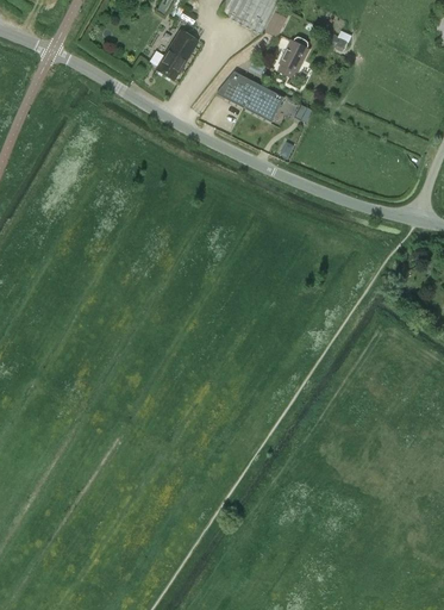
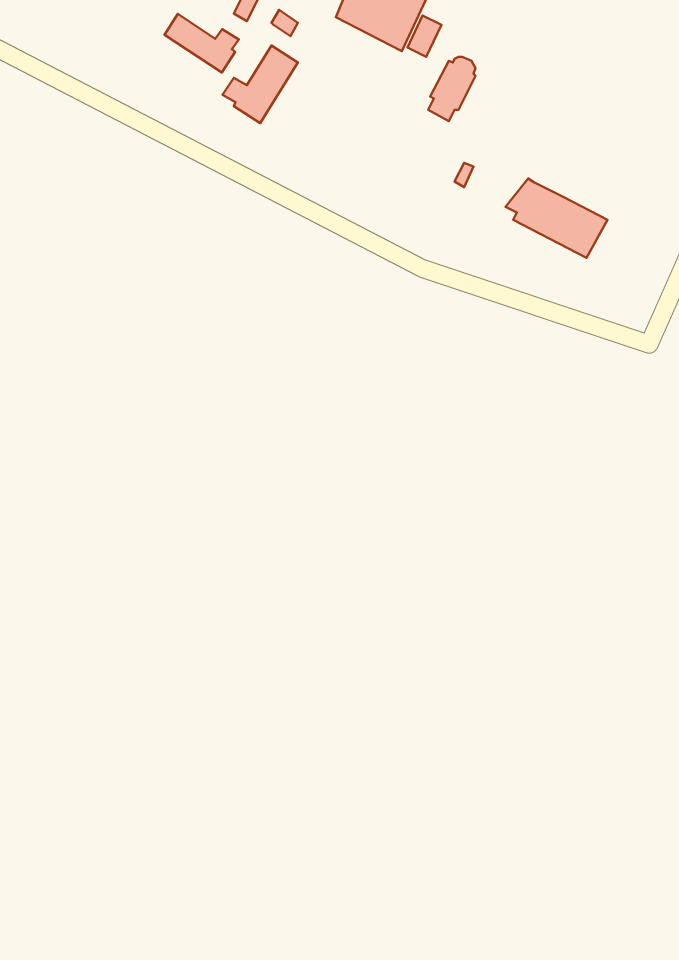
building: none -> [164,14,239,72]
building: [220,70,284,120] -> [505,178,607,258]

